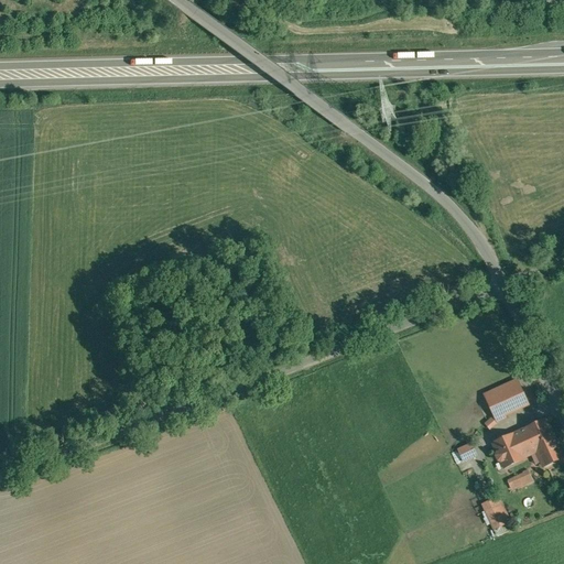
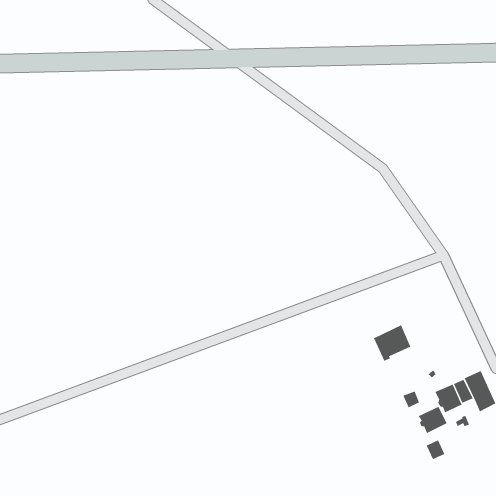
building: [484,379,527,421] -> [373,324,411,361]
building: none -> [418,406,447,434]

